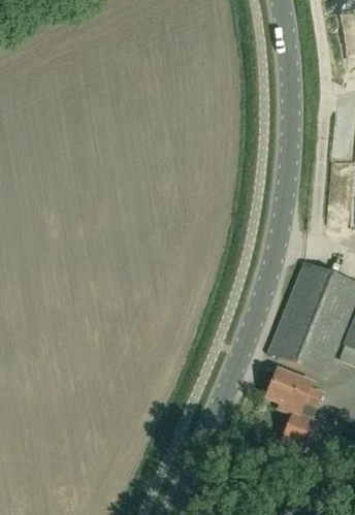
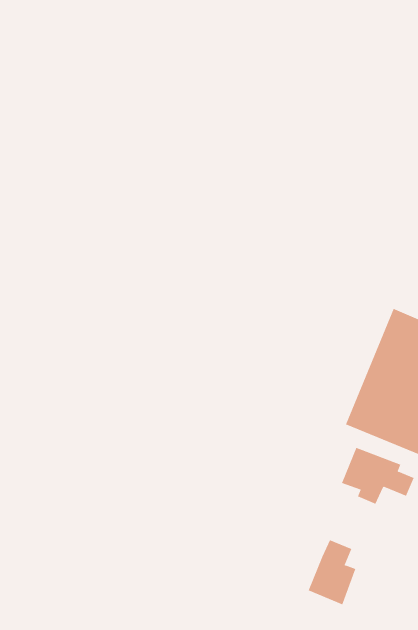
building: [282,398,319,449] -> [308,540,356,605]

